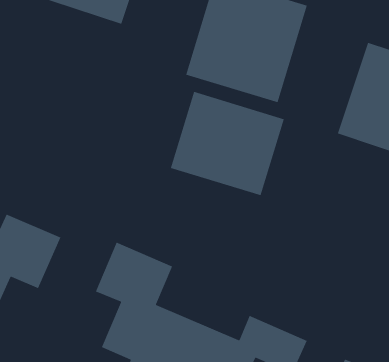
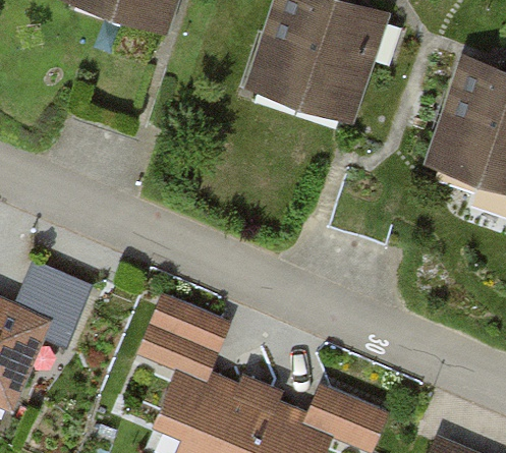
building: [170,91,285,196] -> none

